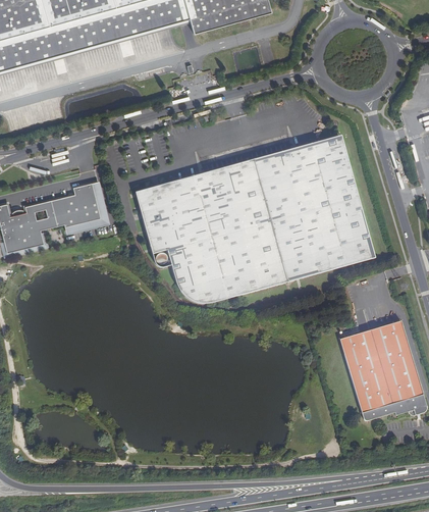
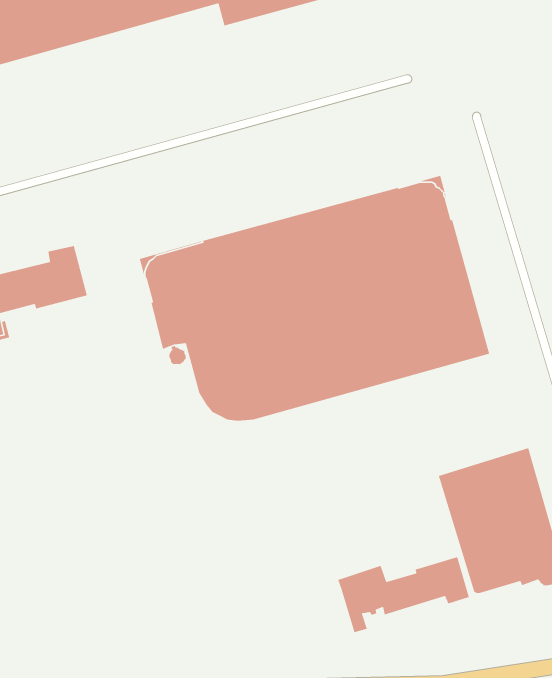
building: none -> [337,556,470,633]

